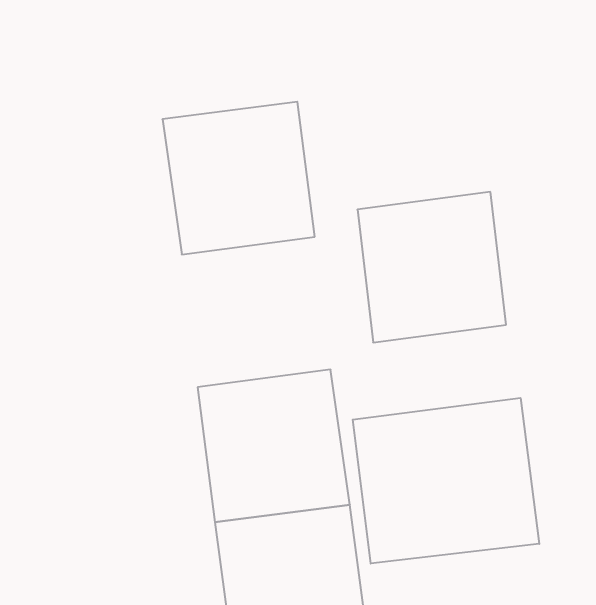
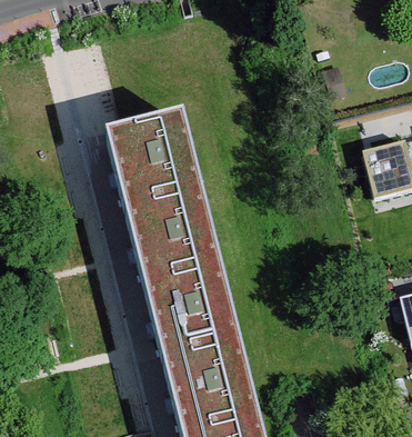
building: [357,192,506,342] -> [129,195,221,288]
building: [353,398,539,564] -> none

